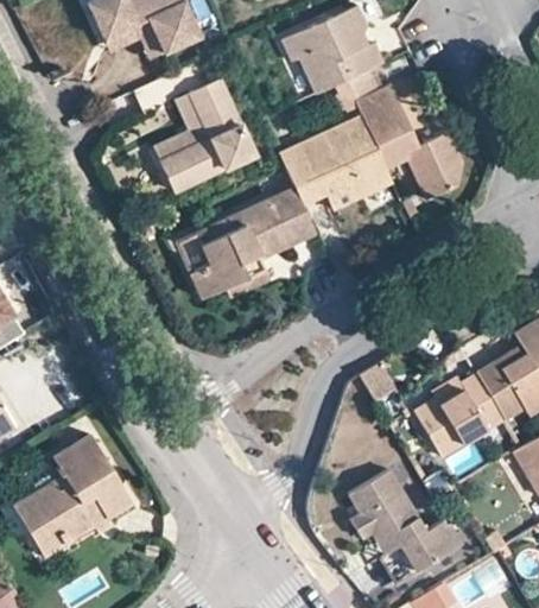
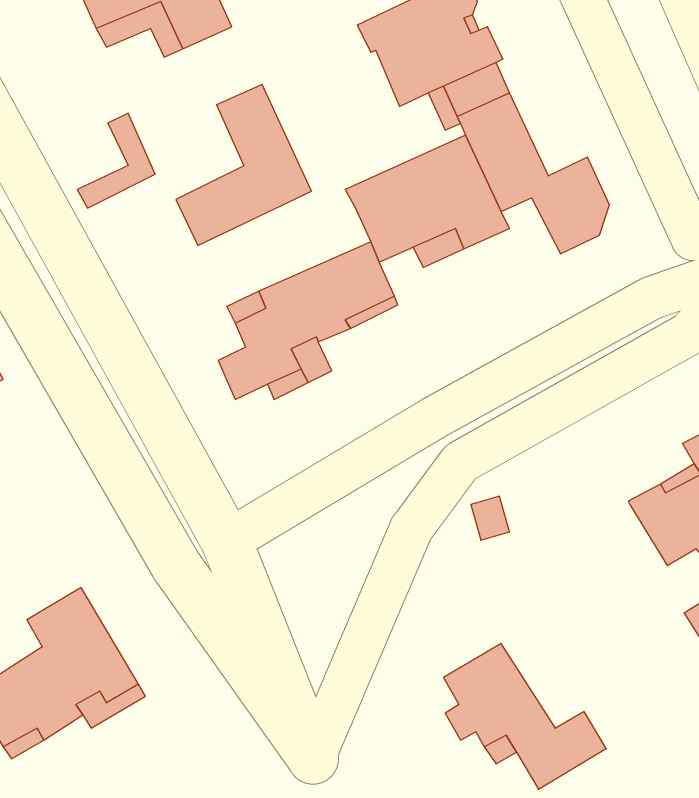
building: [151,94,205,160] -> [77,113,155,208]
building: [414,374,503,456] -> none

